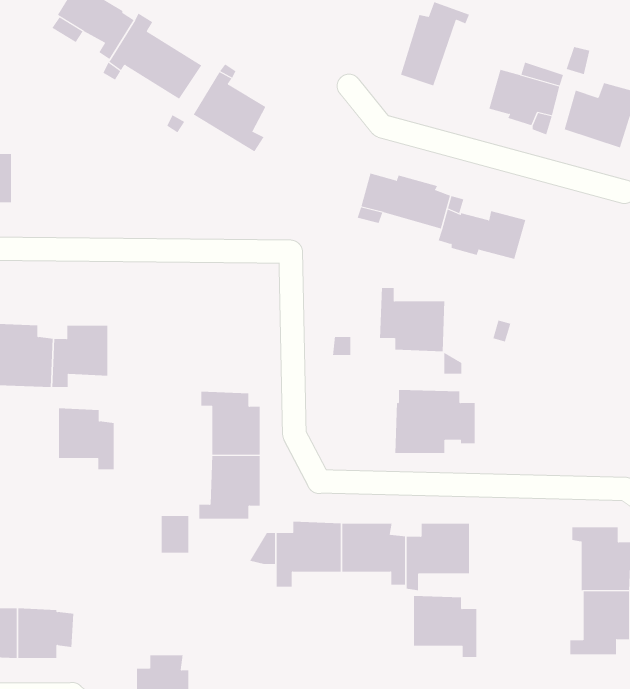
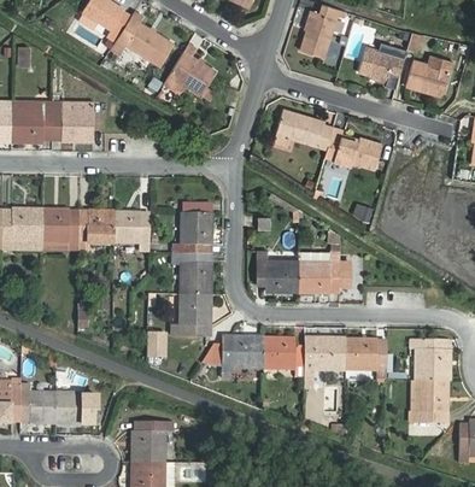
building: none -> [52,101,93,141]
building: [379,288,445,352] -> [256,252,298,293]
building: none -> [172,212,212,254]
building: [58,408,115,470] -> [113,211,149,251]
building: [413,595,477,658] -> [345,338,386,377]

